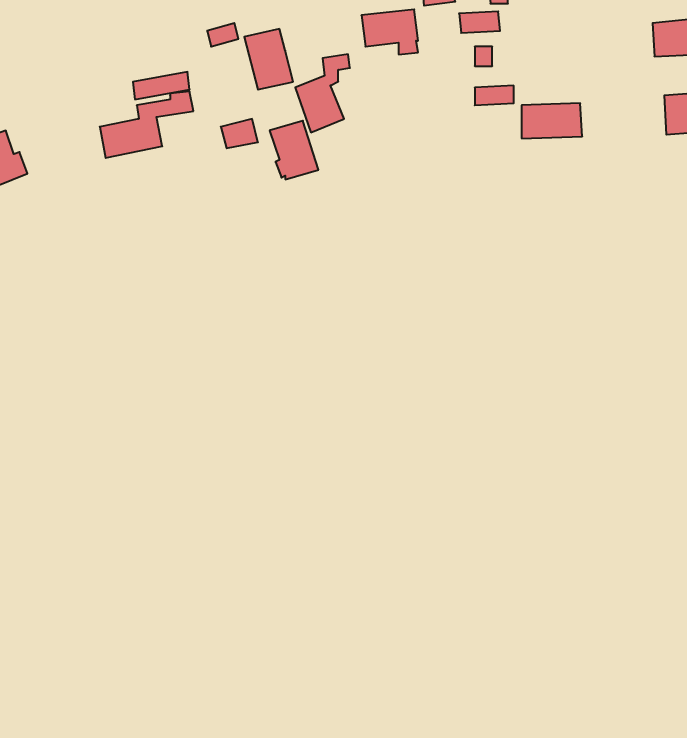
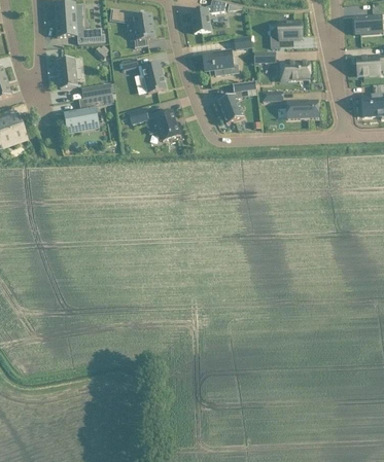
building: none -> [56,58,78,88]
building: none -> [279,61,309,80]
building: [295,54,350,132] -> [217,82,246,123]

